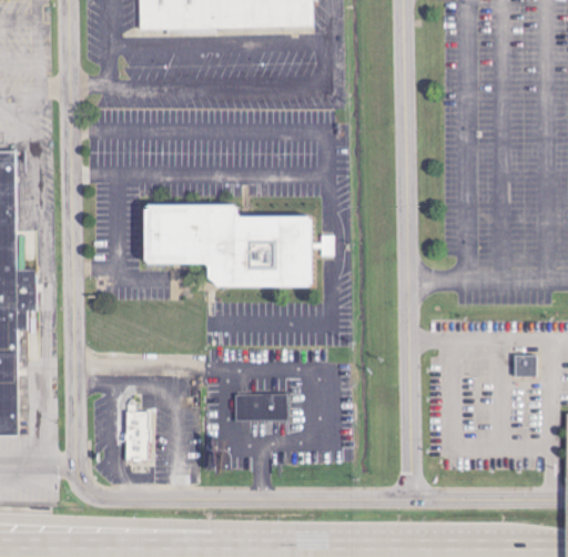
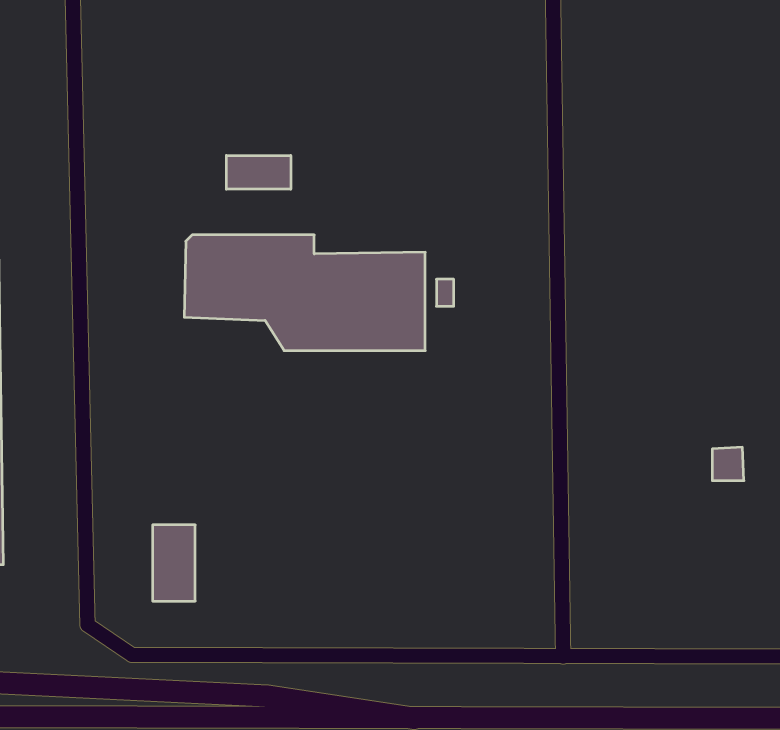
building: none -> [226,155,291,189]
building: [231,394,282,421] -> none

